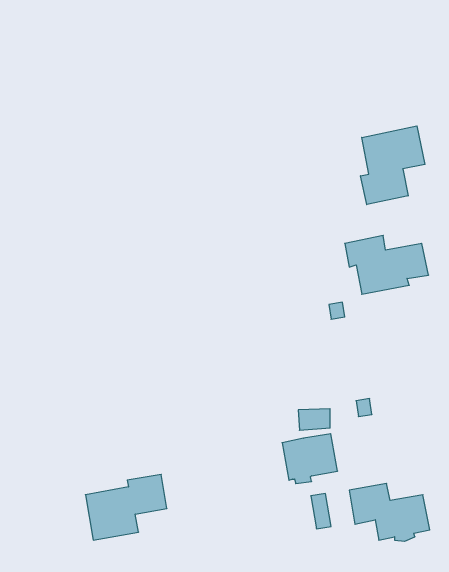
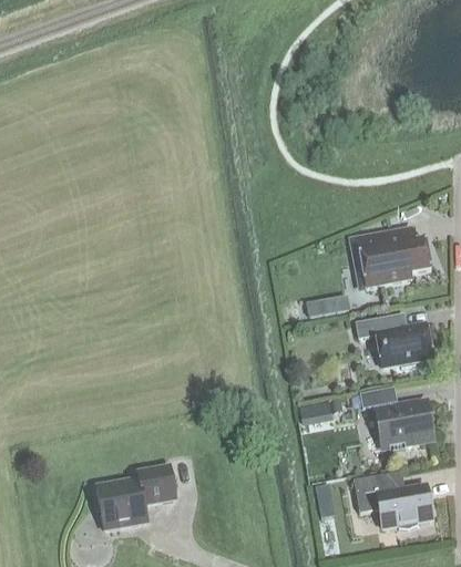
building: [361,126,425,205] -> none
building: none -> [355,315,431,367]
building: [282,434,338,484] -> [377,401,431,450]

